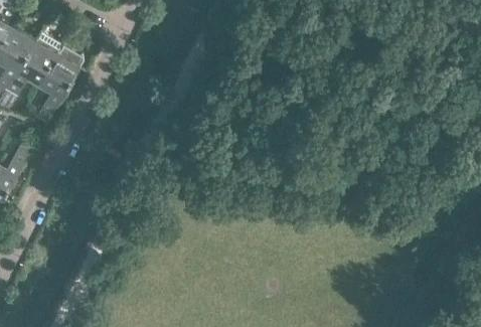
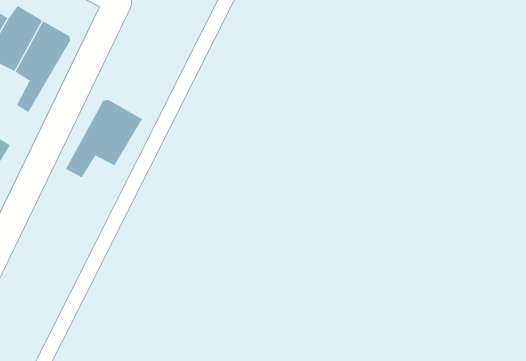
building: none -> [65,99,143,178]

